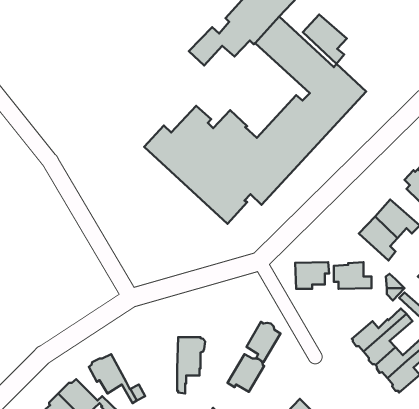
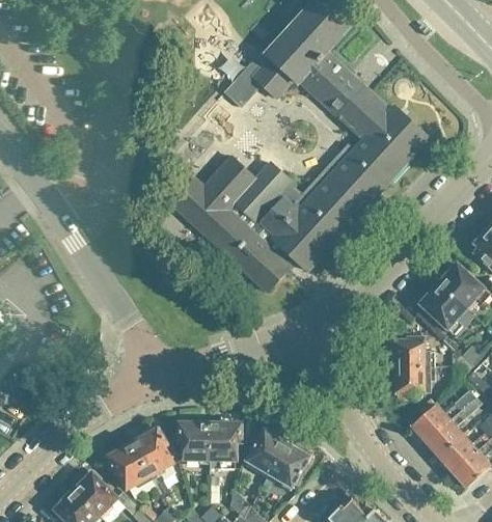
building: [303,15,347,64] -> none
building: [295,262,329,289] -> [395,366,435,397]
building: [247,322,281,362] -> [247,430,286,476]
building: none -> [179,422,210,460]
building: none -> [132,429,173,475]

